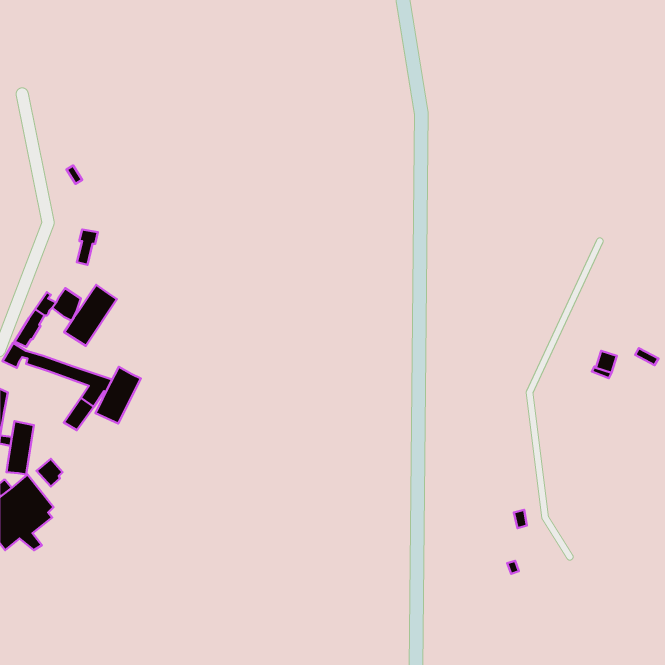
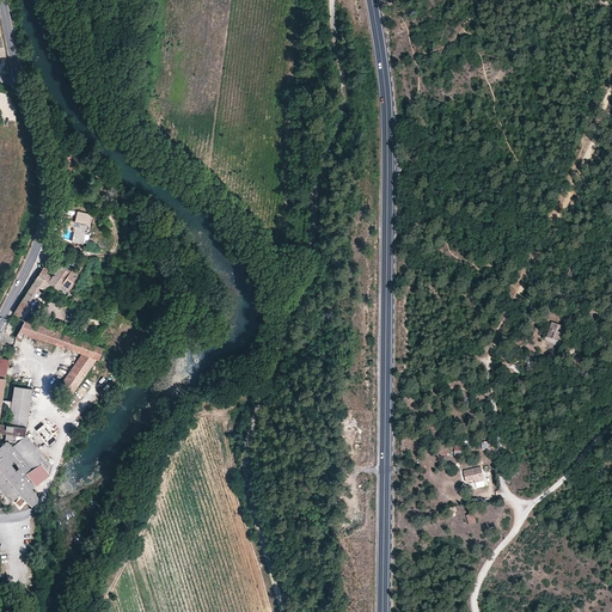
building: [64,285,117,346] -> none
building: [95,367,141,424] -> none

